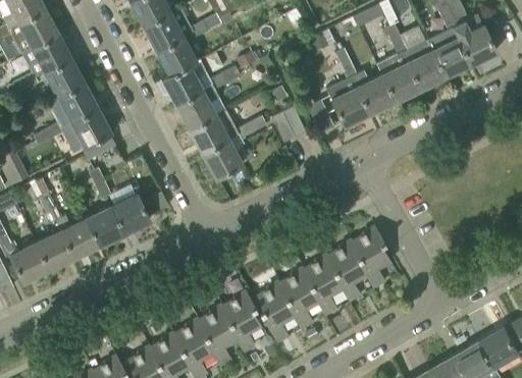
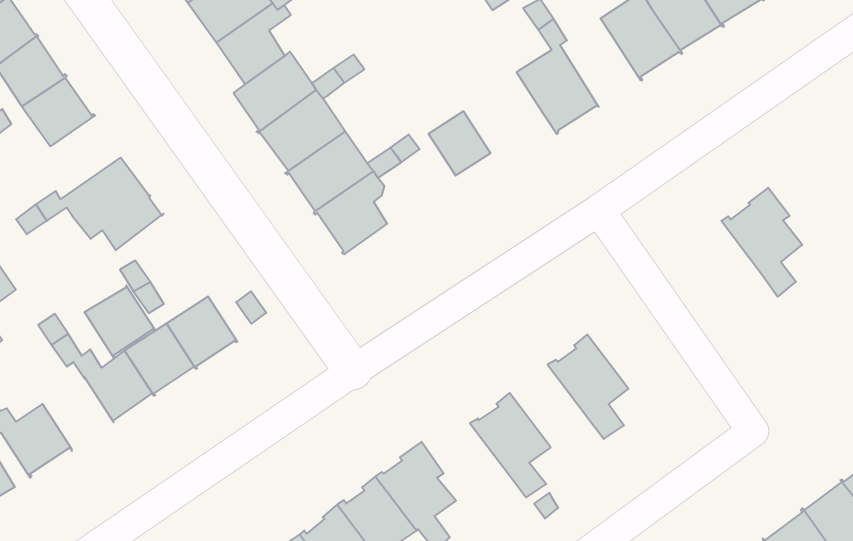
building: [353,71,396,114] -> none
building: [47,85,99,128] -> none
building: [348,226,392,288] -> [721,188,802,297]
building: [36,230,74,270] -> [84,285,155,357]
building: [300,256,343,316] -> none
building: [256,283,295,343] -> none

